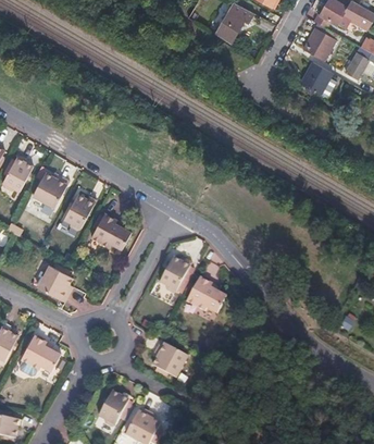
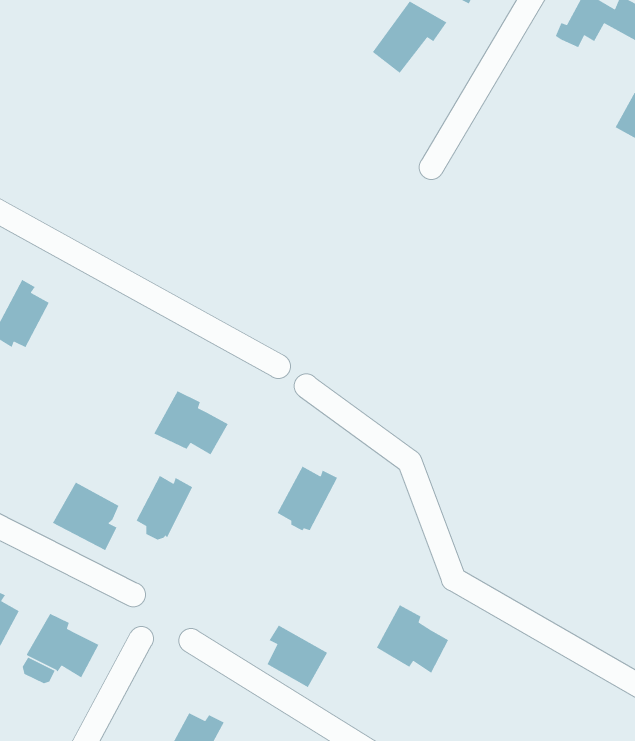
building: [300,23,335,60] -> none
building: [297,61,329,94] -> none
building: [35,173,71,208] -> none
building: [65,194,97,230] -> [136,475,193,541]
building: [186,276,226,314] -> [376,604,449,674]

